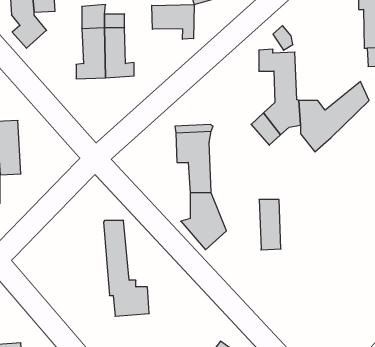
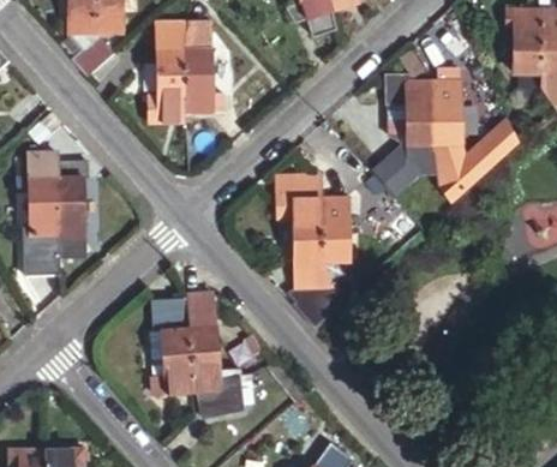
building: [152,5,194,39] -> none
building: none -> [429,79,457,142]
building: [259,200,281,250] -> [321,194,348,258]
building: none -> [149,295,194,390]

